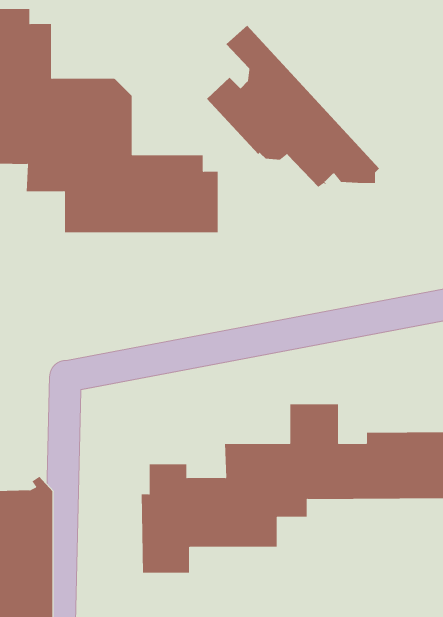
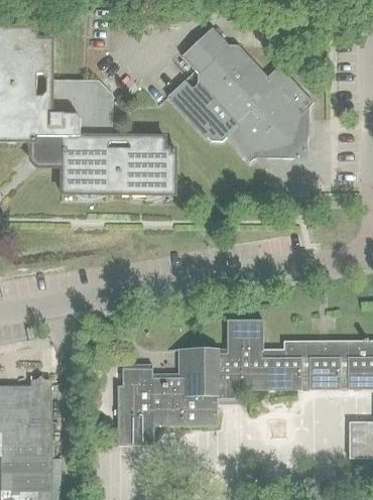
building: none -> [196,26,312,146]

